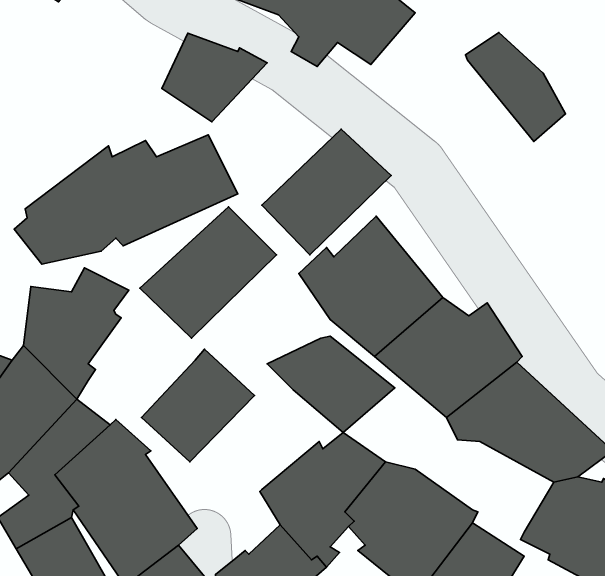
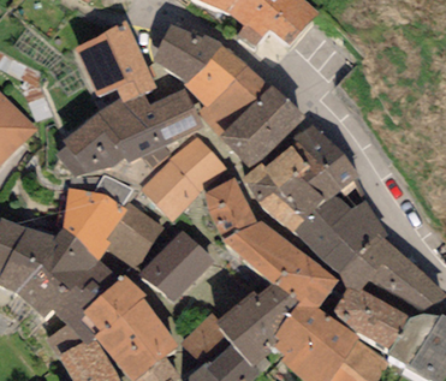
building: none -> [72,18,156,103]
building: [466,33,565,142] -> [291,124,356,195]
building: none -> [183,42,269,135]
building: none -> [204,177,256,238]
building: none -> [105,202,174,273]
building: none -> [270,254,337,306]
building: none -> [329,287,408,347]
building: none -> [180,312,230,364]

